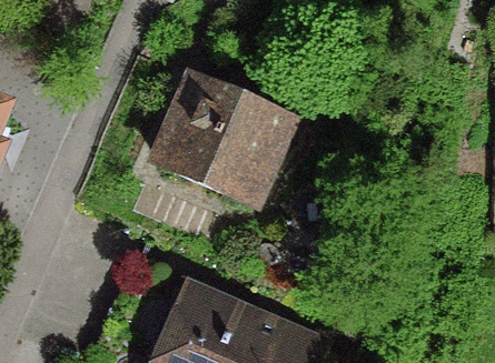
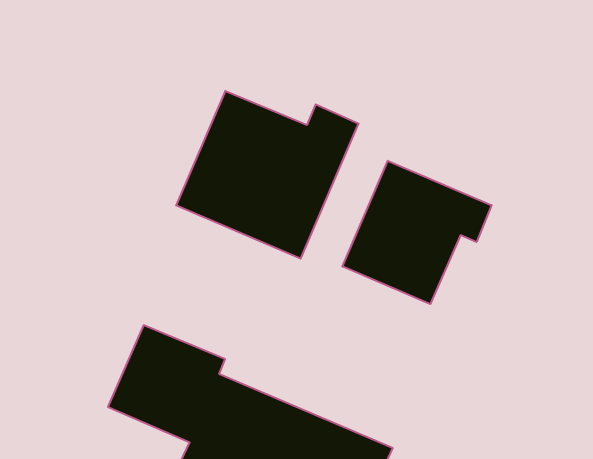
building: none -> [342,161,492,304]

